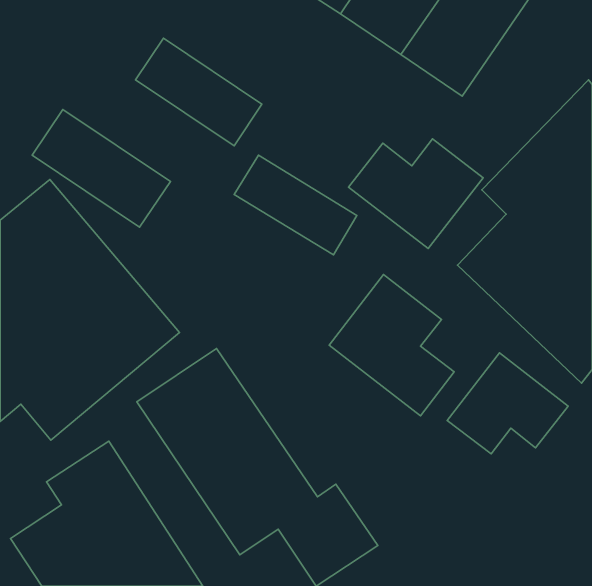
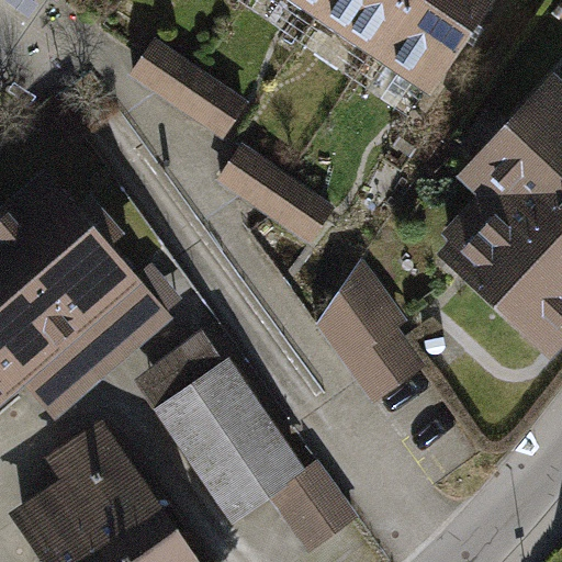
building: [32,109,170,227] -> none
building: [349,139,483,249] -> none
building: [447,353,568,454] -> none

